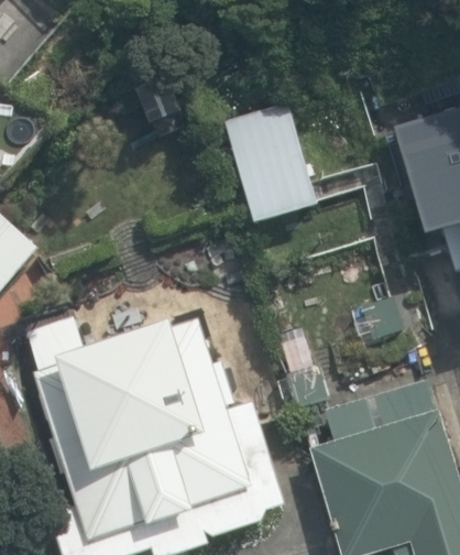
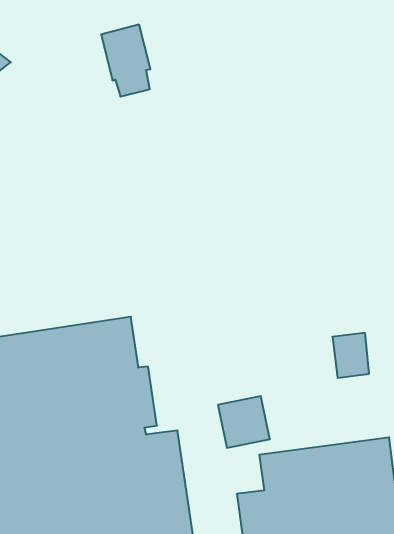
building: [222,99,319,226] -> none

